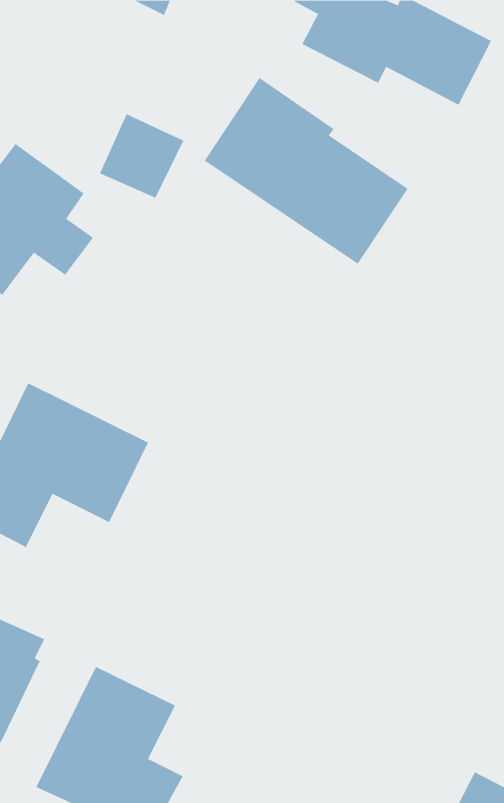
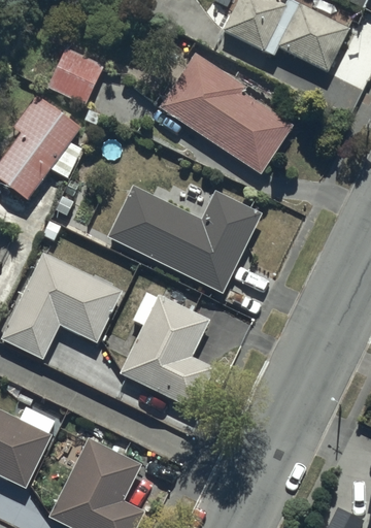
building: [99,114,184,199] -> [47,47,103,103]
building: none -> [107,185,262,293]
building: none -> [119,291,214,410]

